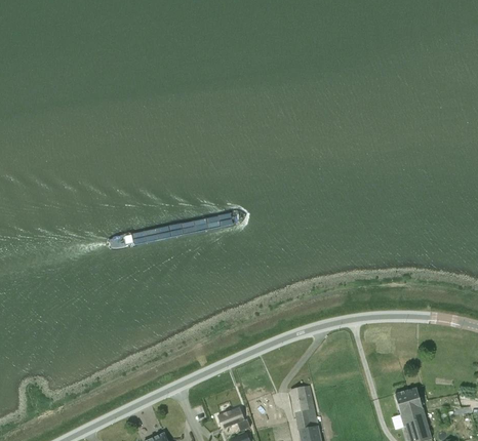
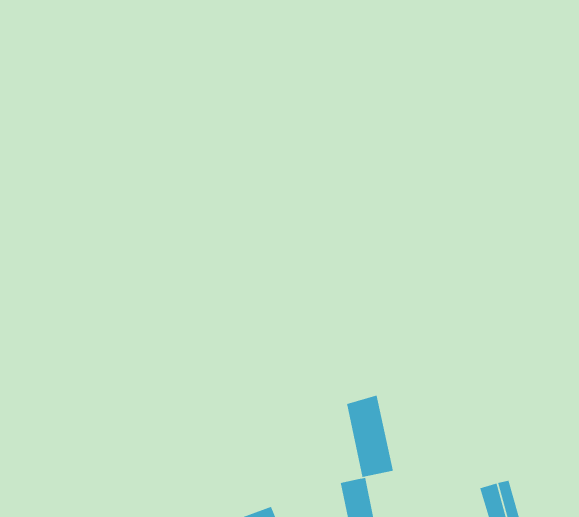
building: none -> [346,394,394,478]

